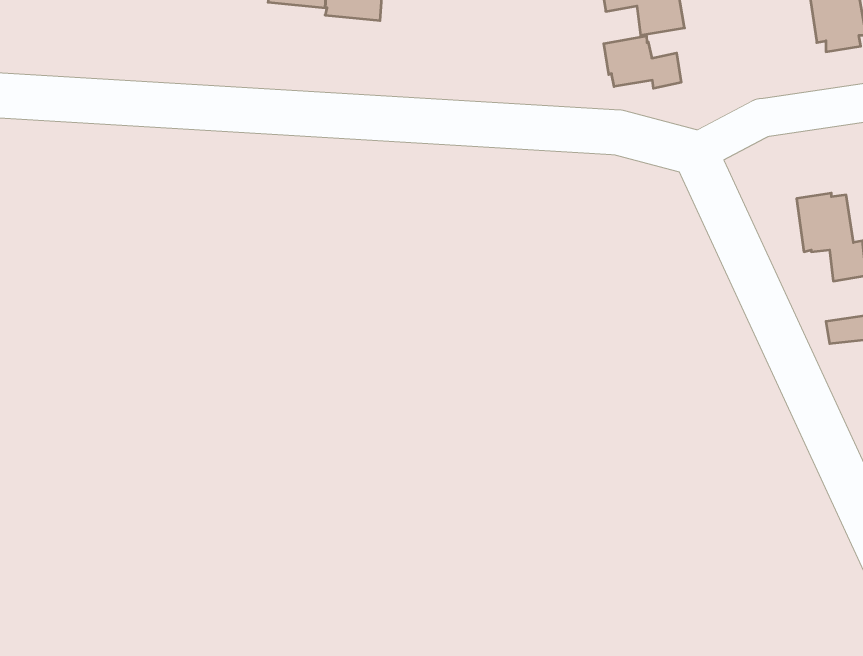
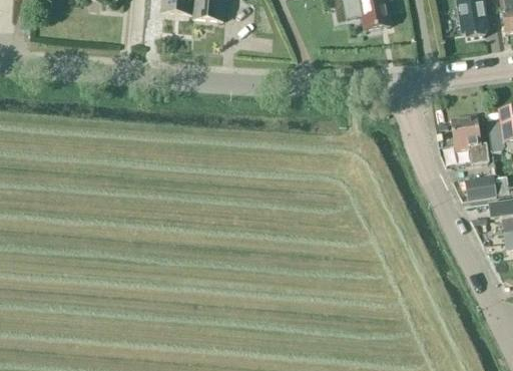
building: [604,36,681,88] -> none

